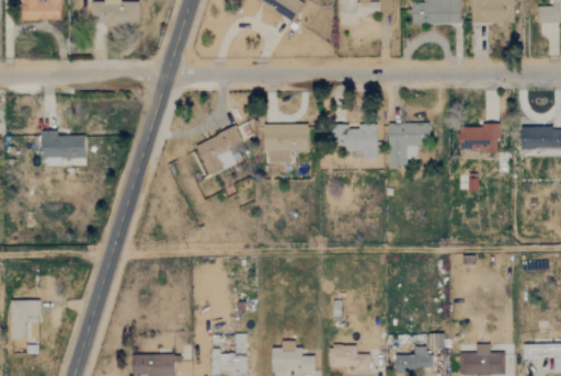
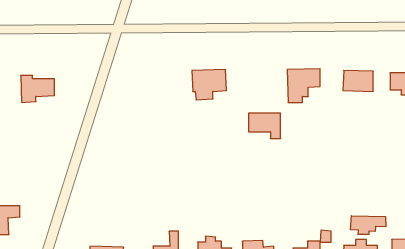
building: [335,126,377,159] -> [249,113,281,138]
building: [195,128,242,174] -> none
building: none -> [351,216,386,235]

